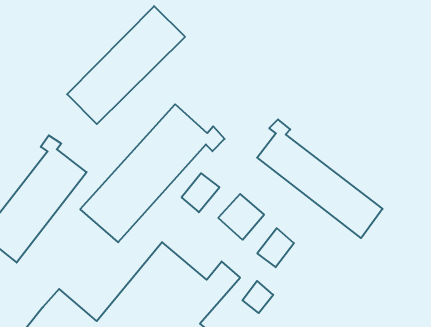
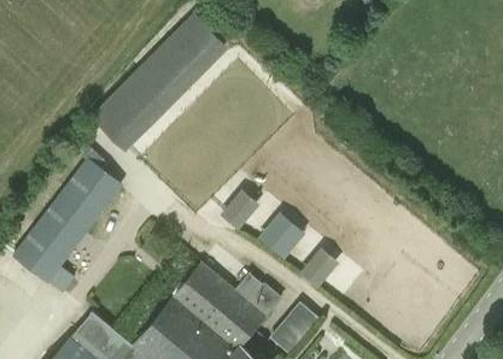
building: [80,104,225,242] -> none
building: [257,119,383,238] -> none

